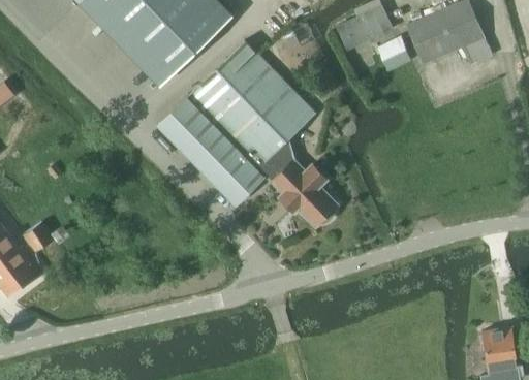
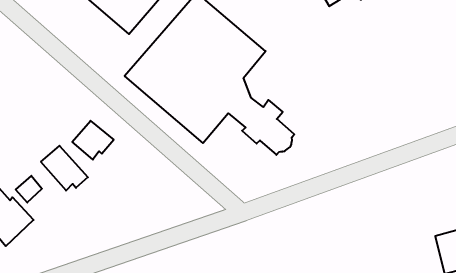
building: none -> [72,121,114,160]
building: none -> [41,146,88,191]

